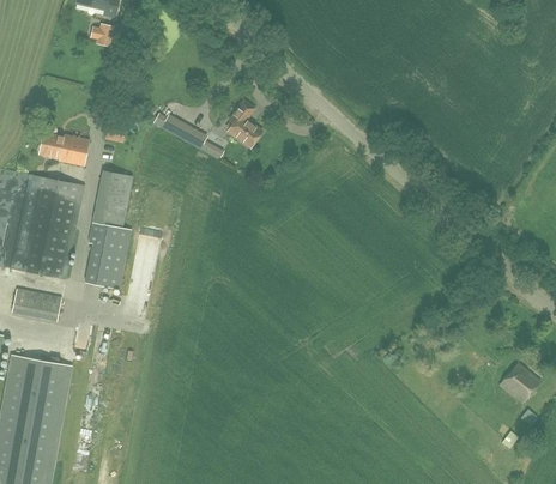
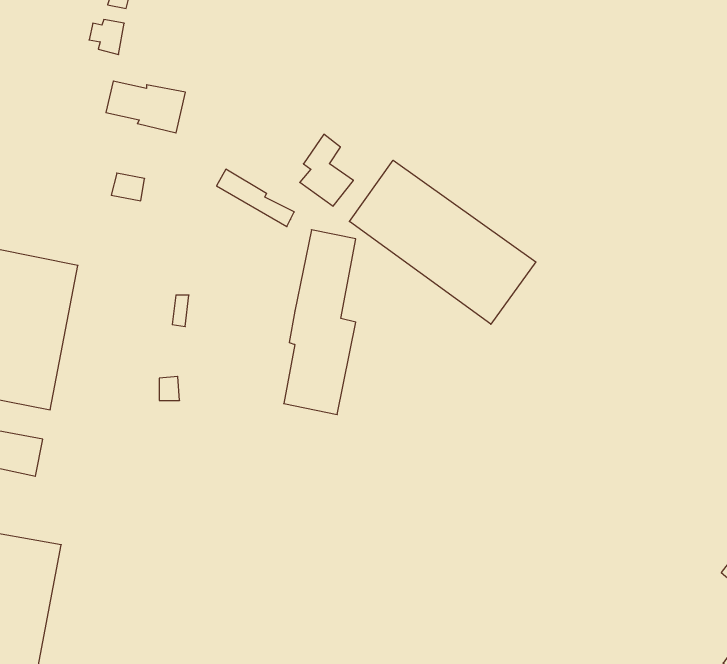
building: none -> [349,160,536,324]
building: [37,131,89,164] -> [106,81,185,133]
building: [84,168,131,288] -> [284,230,356,415]

